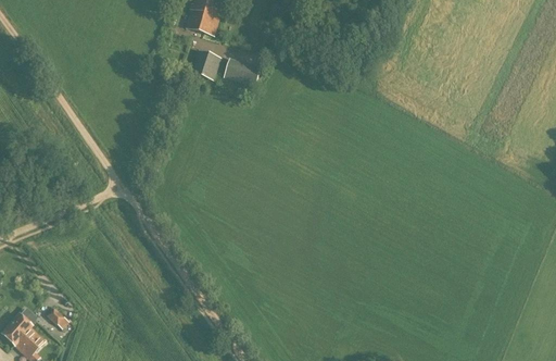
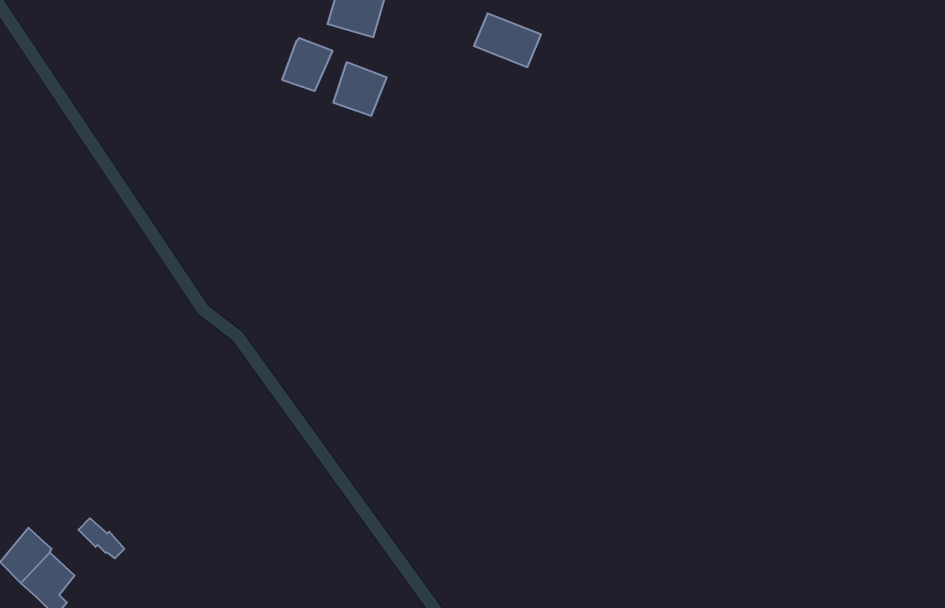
building: none -> [282,38,332,91]
building: [224,57,262,87] -> [474,13,541,67]

